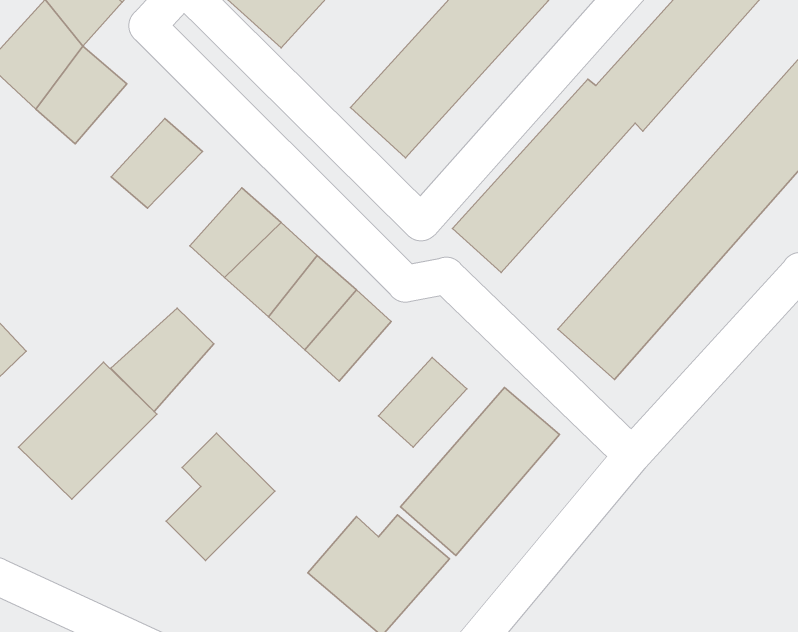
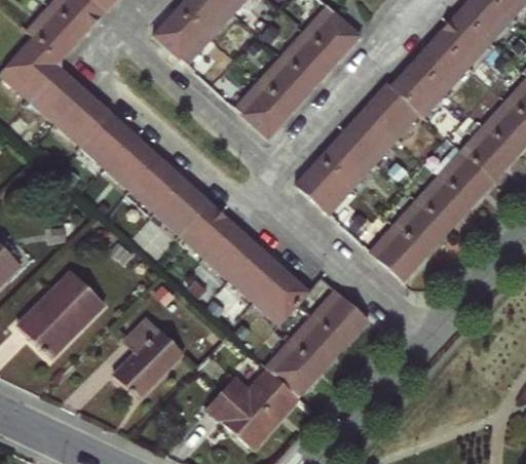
building: none -> [52,89,111,150]
building: none -> [100,133,161,195]
building: [111,308,214,412] -> none
building: none -> [225,244,286,306]

